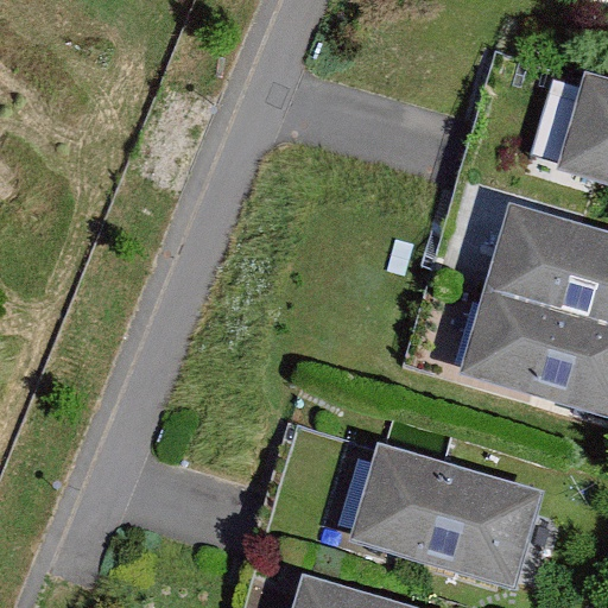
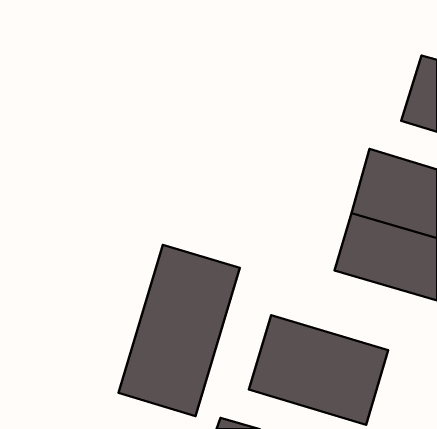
building: none -> [119,245,240,416]

